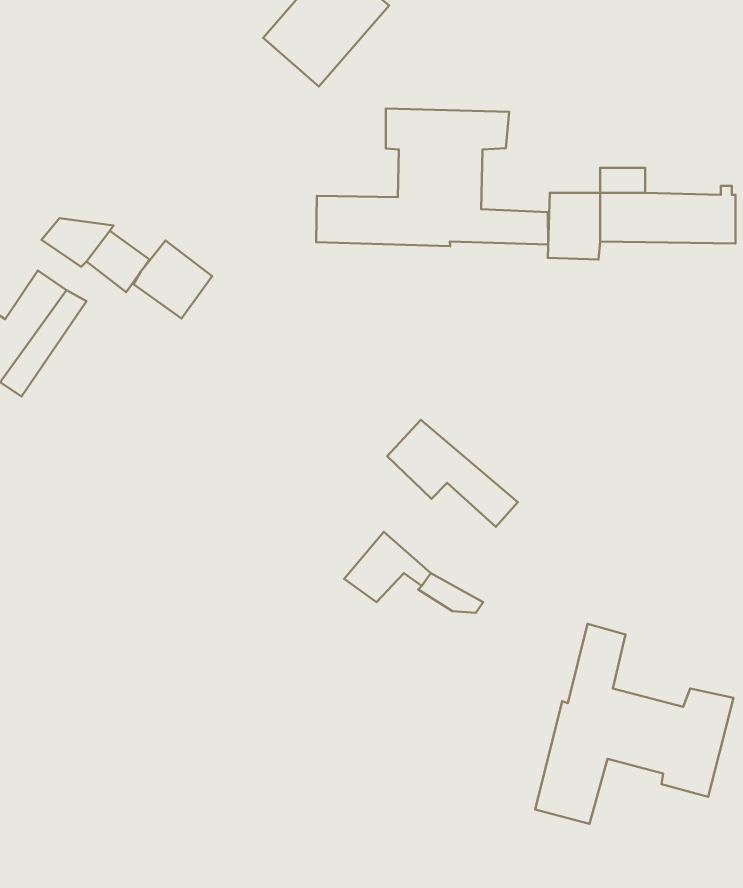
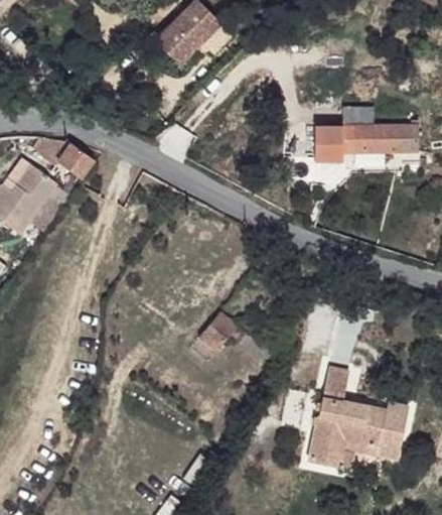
building: [316,109,548,246] -> none
building: [134,241,212,319] -> none
building: [387,420,518,527] -> none

